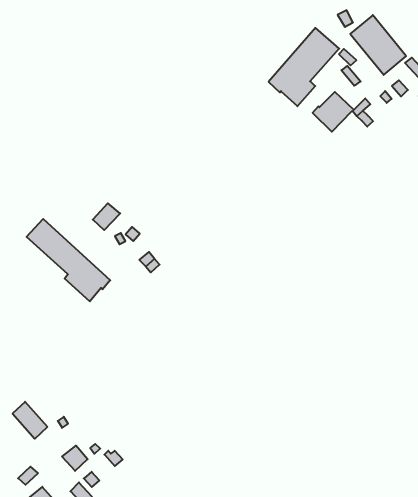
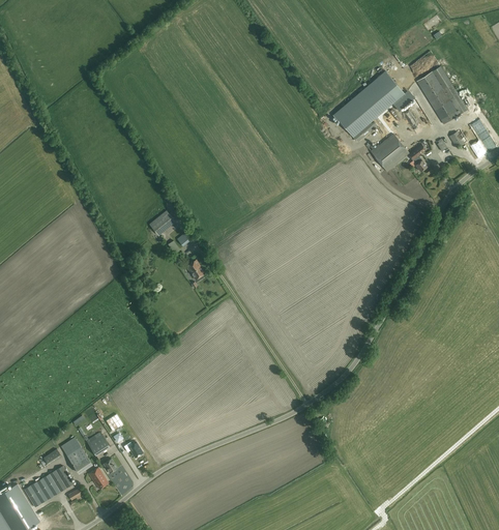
building: [27,219,110,301] -> none
building: [13,402,47,439] -> [61,438,92,474]

